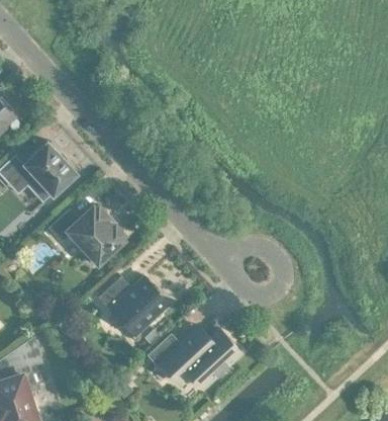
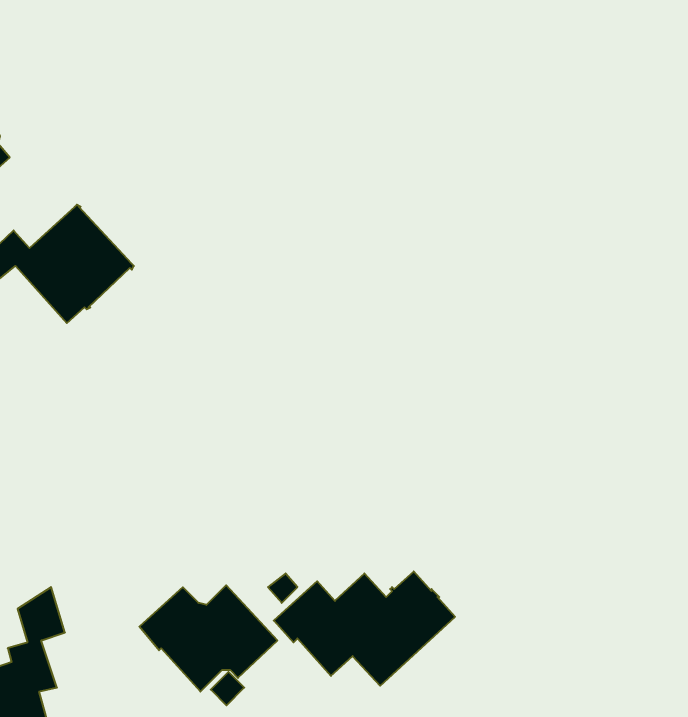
building: [50,206,124,265] -> none
building: [98,276,169,331] -> [139,585,277,692]

